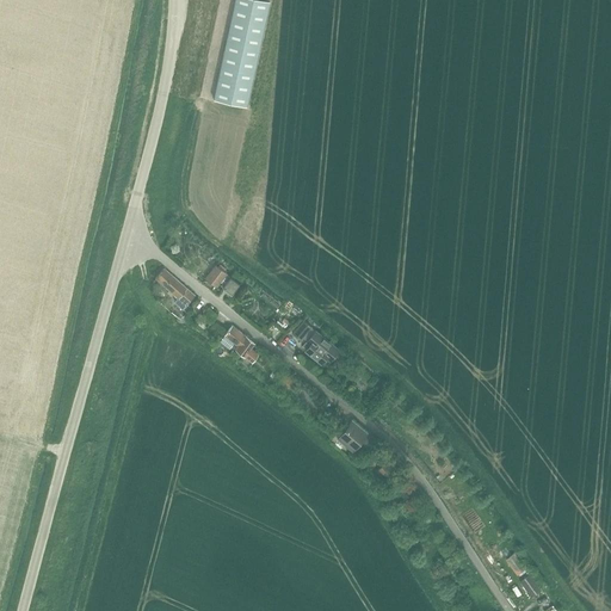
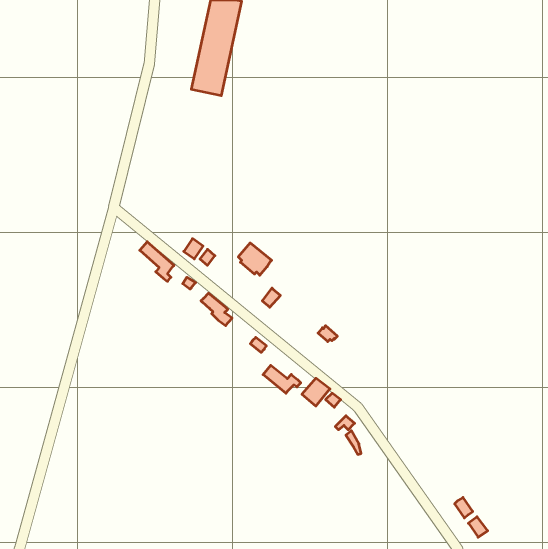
building: [302,331,339,366] -> [238,243,272,275]
building: none -> [263,365,301,393]

